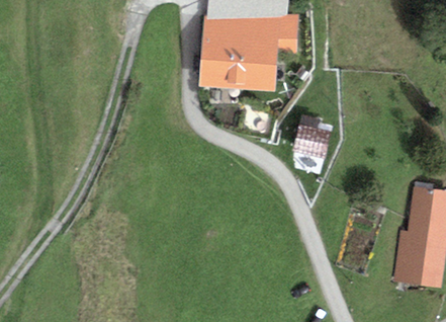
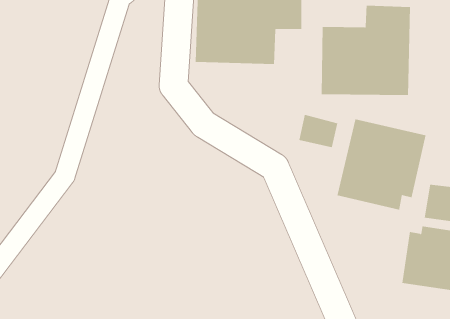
building: none -> [321,5,410,96]
building: none -> [337,118,426,210]

